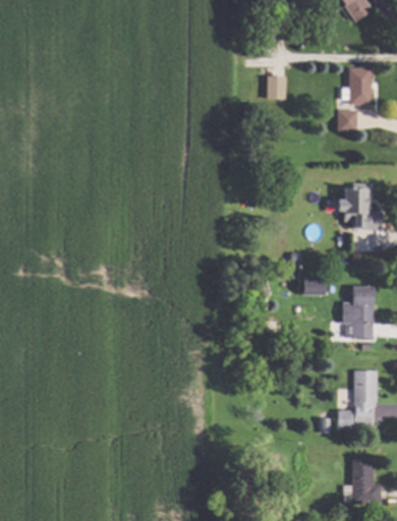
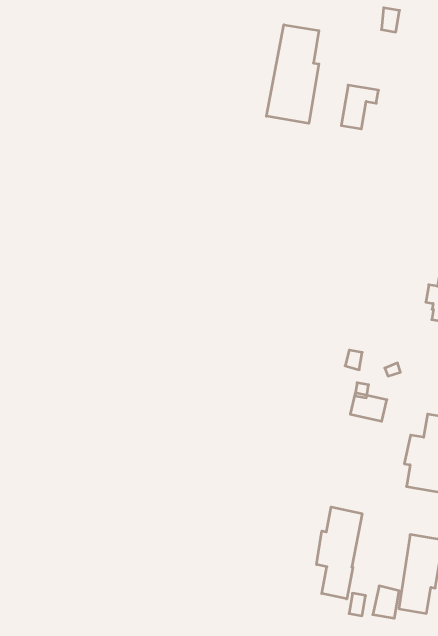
building: none -> [266,25,319,123]
building: none -> [317,507,362,599]

